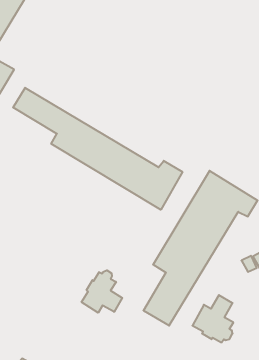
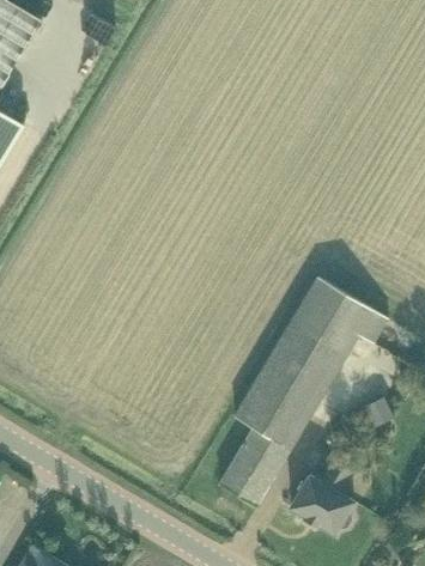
building: [13,88,182,210] -> none
building: [82,270,122,313] -> none

